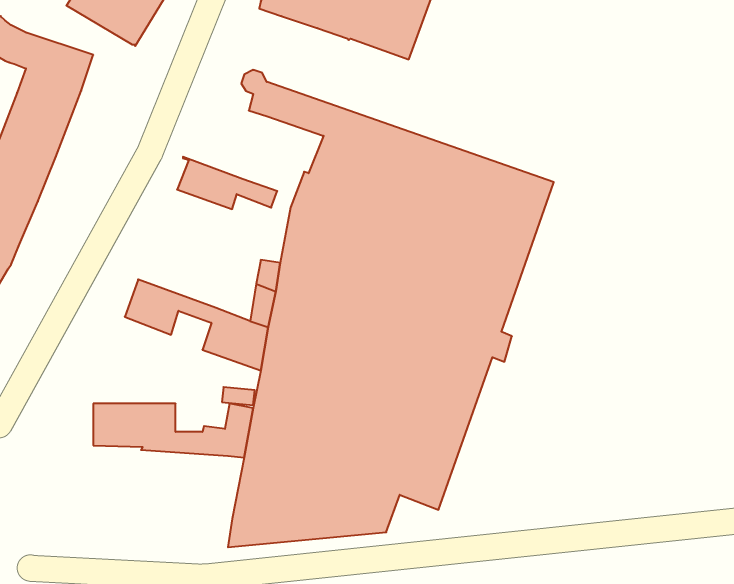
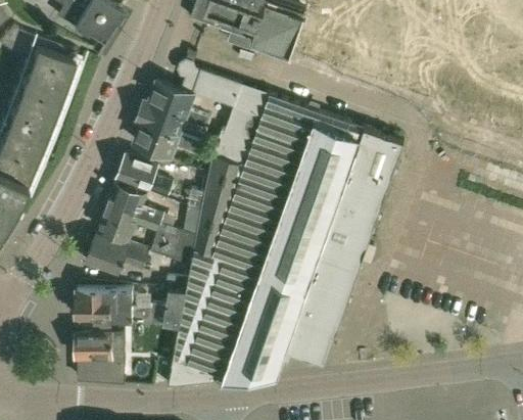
building: none -> [139,84,209,137]
building: none -> [117,154,174,198]
building: none -> [108,185,164,225]
building: none -> [87,236,150,276]
building: none -> [77,326,134,379]

